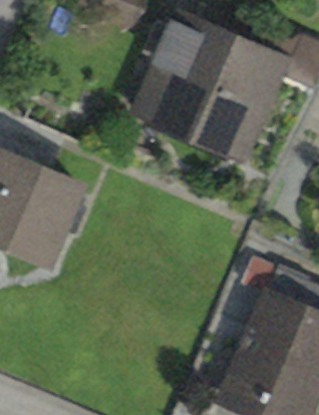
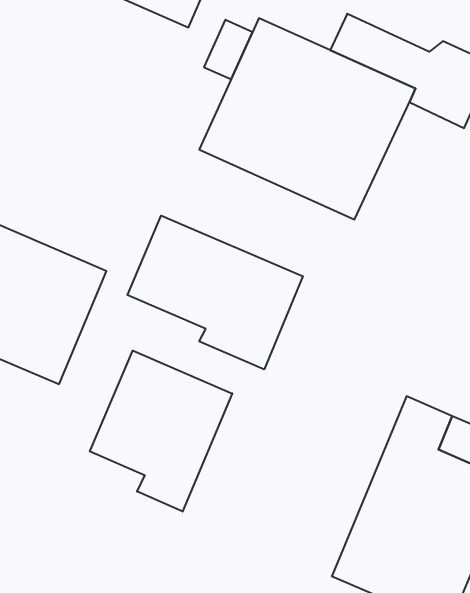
building: none -> [127,216,303,369]
building: none -> [90,351,232,512]

